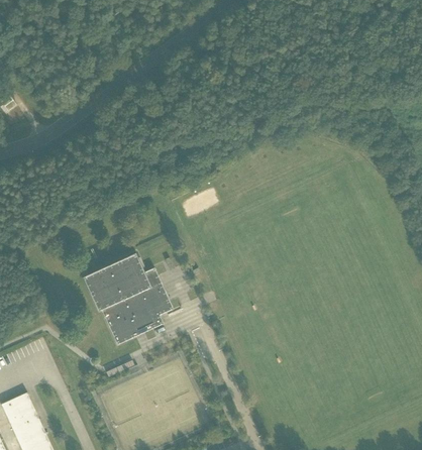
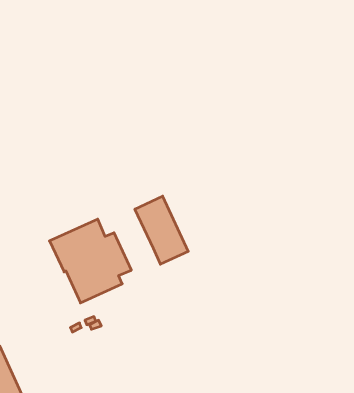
building: none -> [135,196,188,264]

